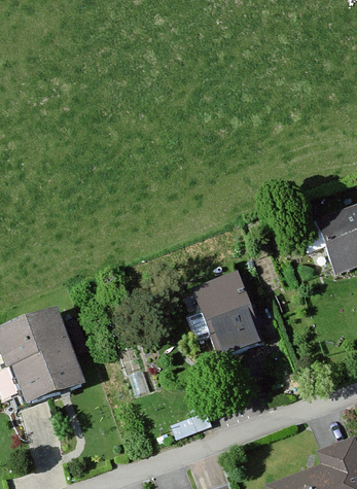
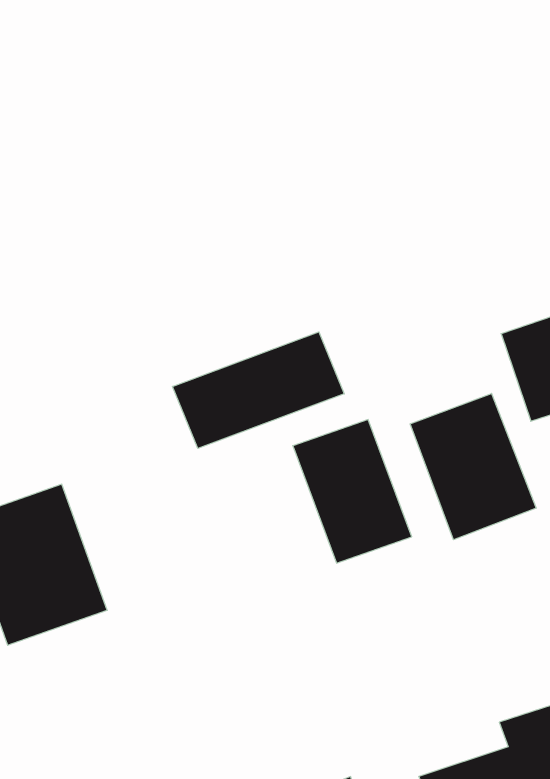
building: none -> [173,332,344,448]
building: none -> [410,393,536,540]

